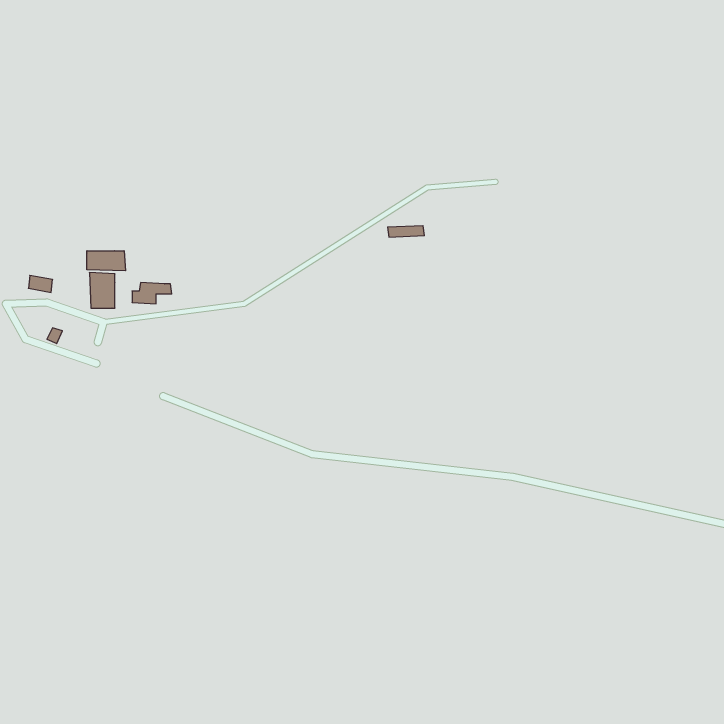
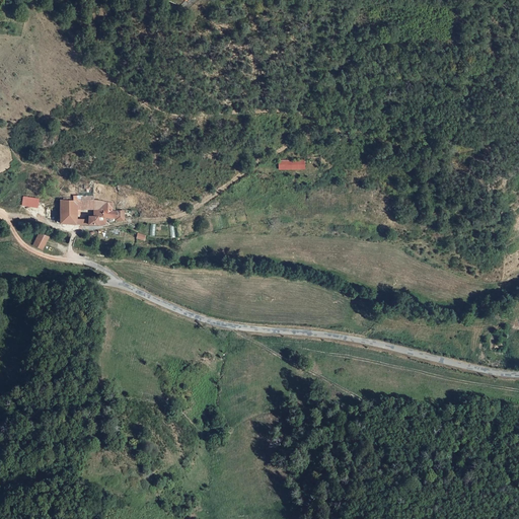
building: [87,251,126,271] -> none

